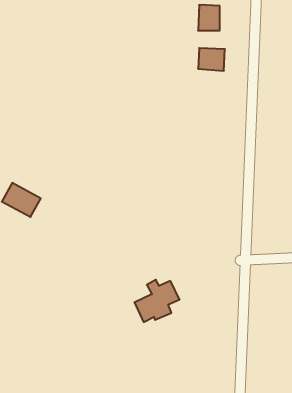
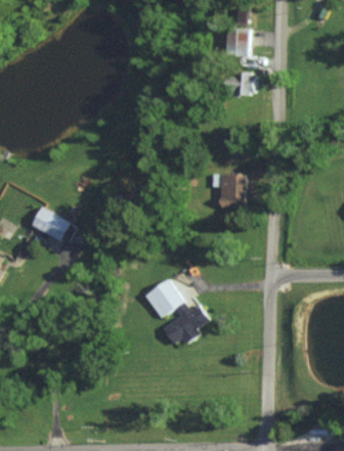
building: none -> [211,174,245,208]
building: none -> [144,280,182,317]

